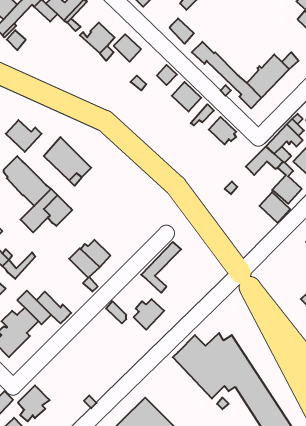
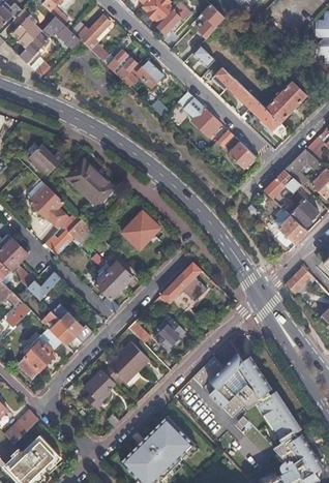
building: none -> [122,210,160,249]
building: none -> [286,266,315,296]
building: none -> [108,341,149,383]
building: [18,385,50,421] -> [85,369,116,404]

